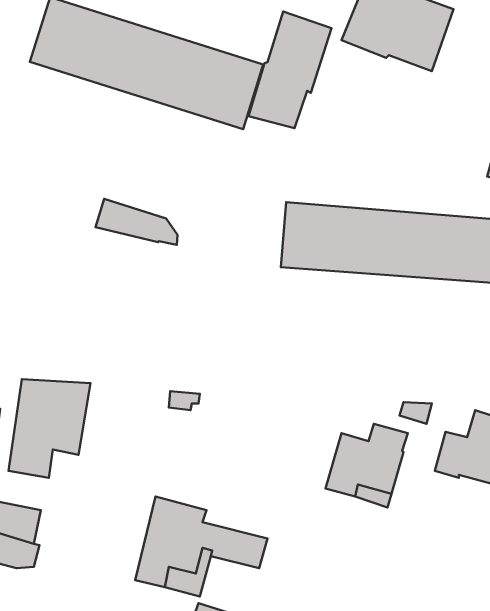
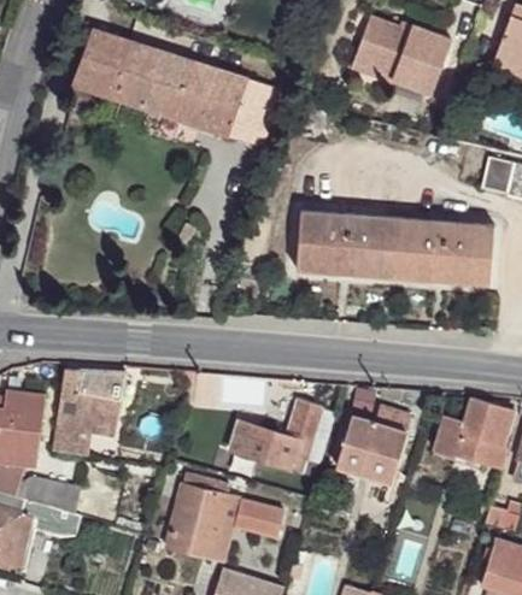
building: [249,12,331,128] -> none
building: [95,199,178,245] -> none
building: none -> [228,399,321,472]

